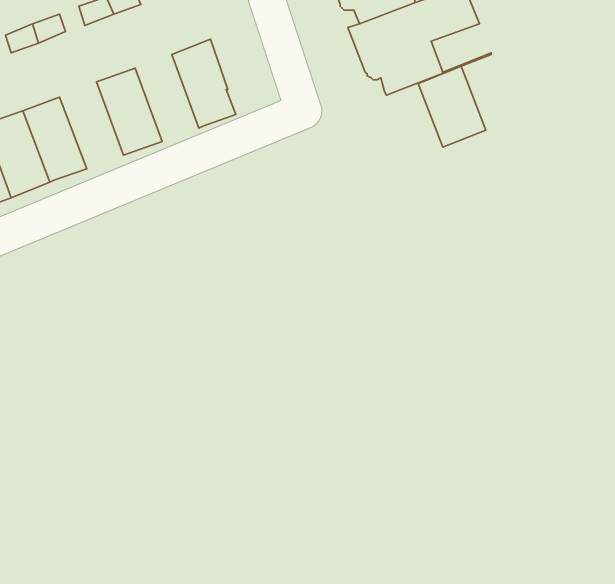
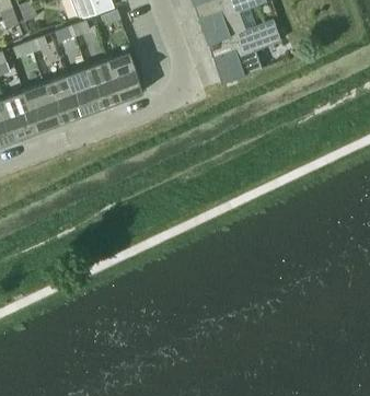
building: none -> [86,59,123,108]
building: [418,66,486,147] -> none
building: none -> [44,74,80,124]

